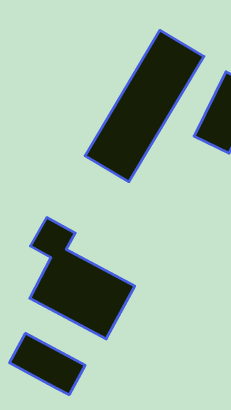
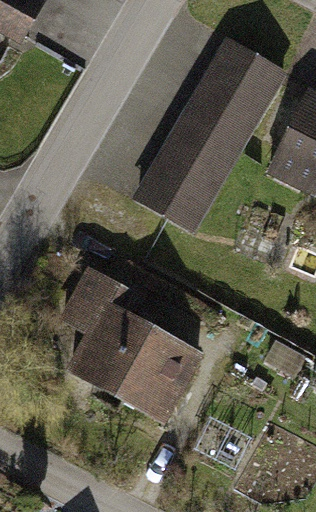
building: [10,333,85,395] -> none

